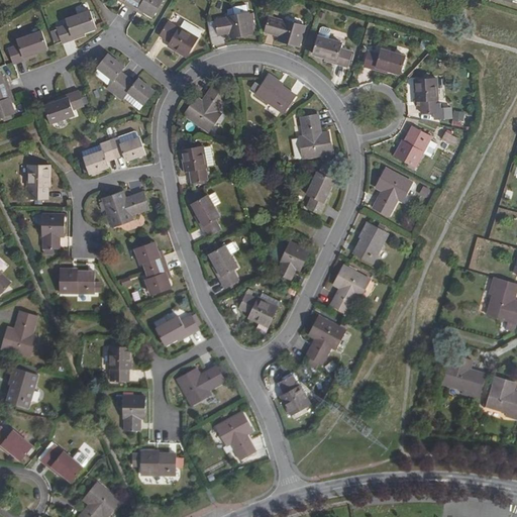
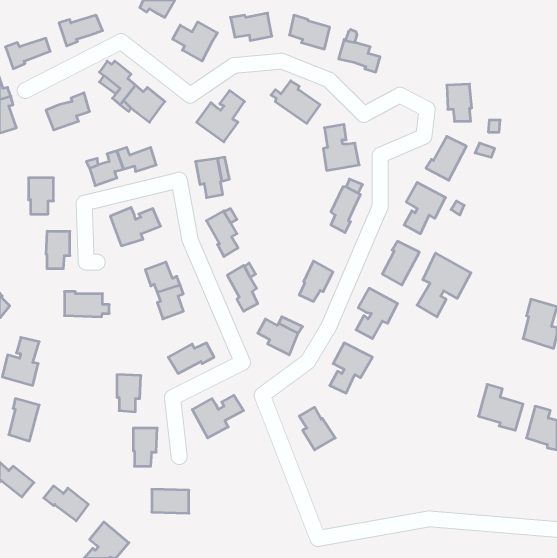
building: [364,49,404,74] -> none
building: none -> [417,253,471,317]
building: [216,411,254,458] -> none

